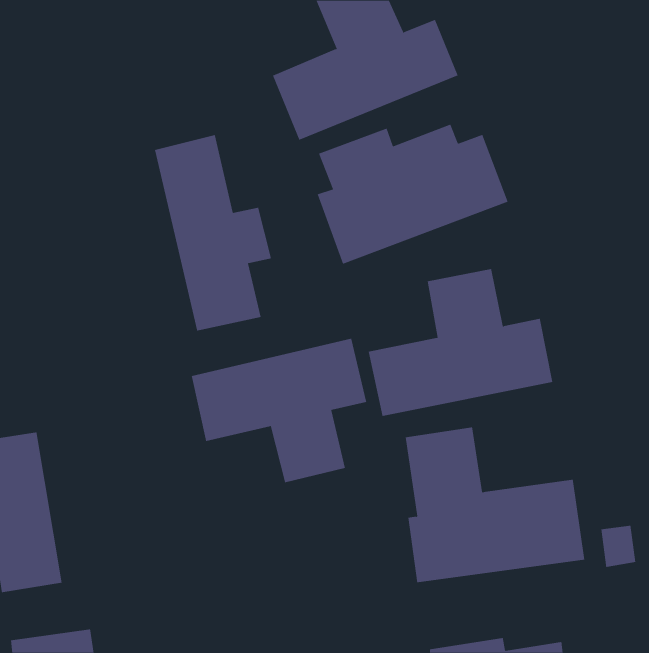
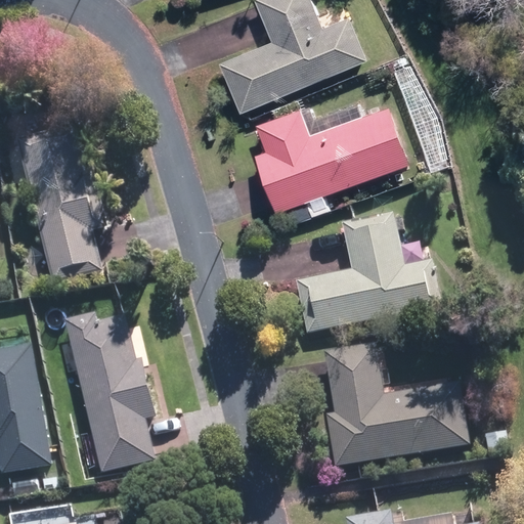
building: [154,134,272,331] -> [19,127,114,285]
building: [191,338,367,483] -> none
building: none -> [64,314,168,475]

